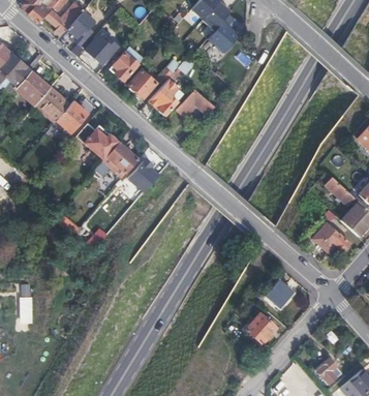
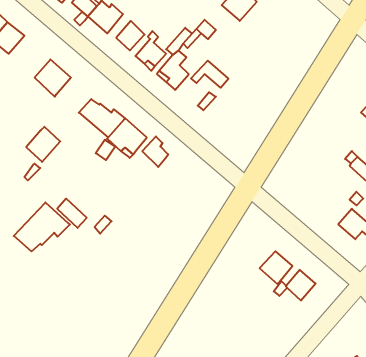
building: [16,70,51,105] -> none
building: [56,101,87,133] -> [26,127,60,162]
building: none -> [14,202,70,251]
building: [246,314,276,344] -> [260,251,292,284]

